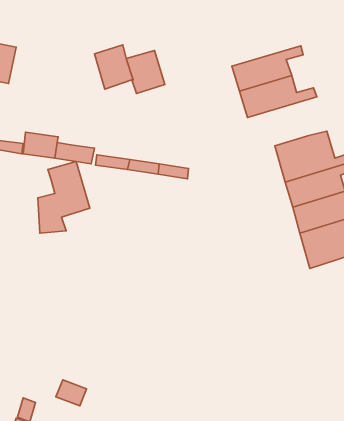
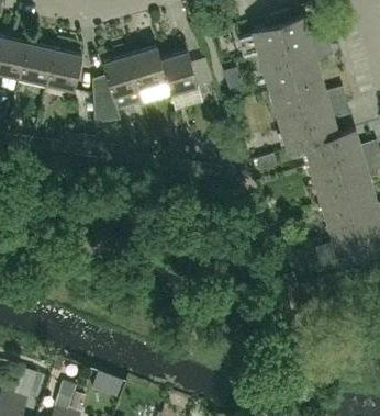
building: none -> [239,9,329,67]
building: none -> [46,48,82,90]
building: none -> [278,97,347,148]
building: [38,162,90,233] -> [92,55,143,124]

